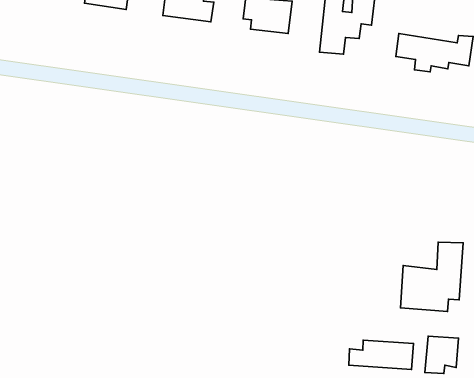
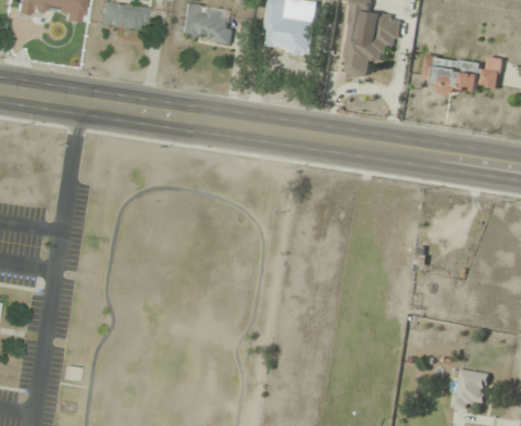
building: [400,242,463,312] -> none
building: [349,340,413,370] -> none

